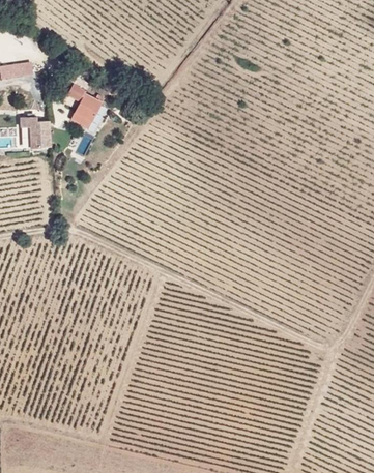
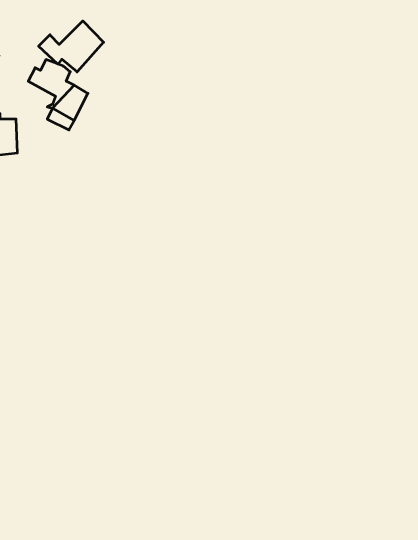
building: none -> [39,21,104,72]

